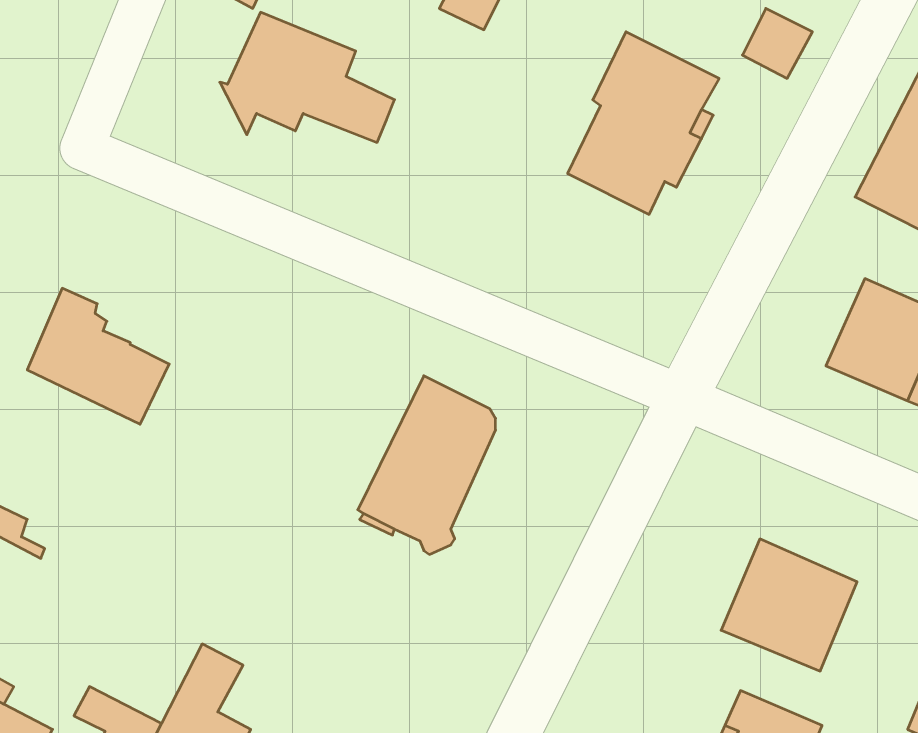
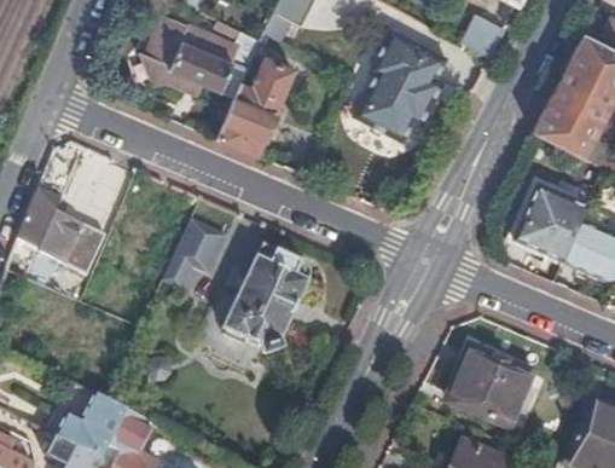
building: none -> [217,57,294,156]
building: none -> [164,218,230,288]
building: none -> [57,394,127,458]

